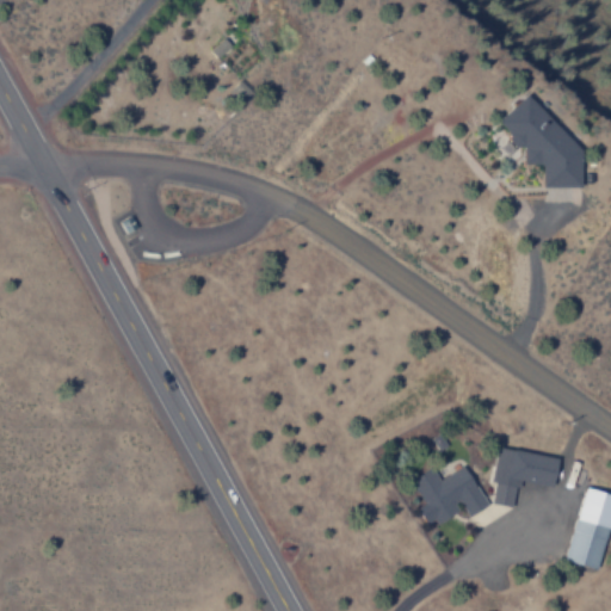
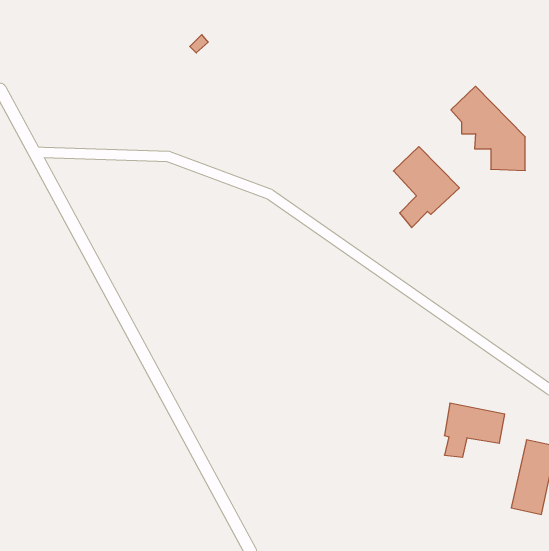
building: none -> [393,147,459,228]
building: [413,465,490,527] -> none

